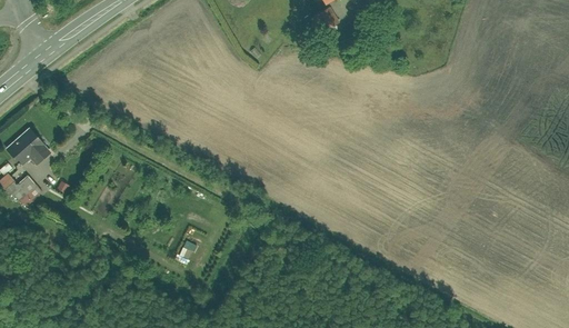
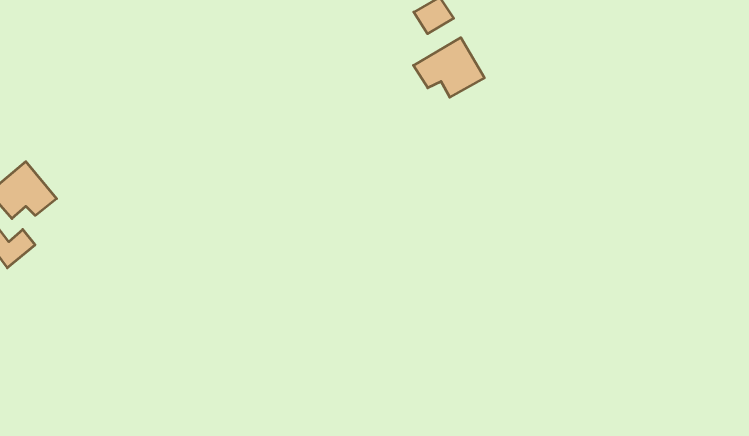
building: none -> [413,38,484,97]

